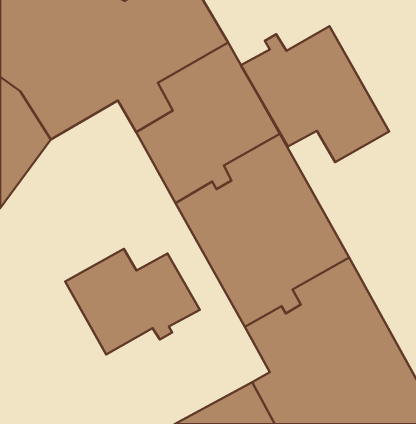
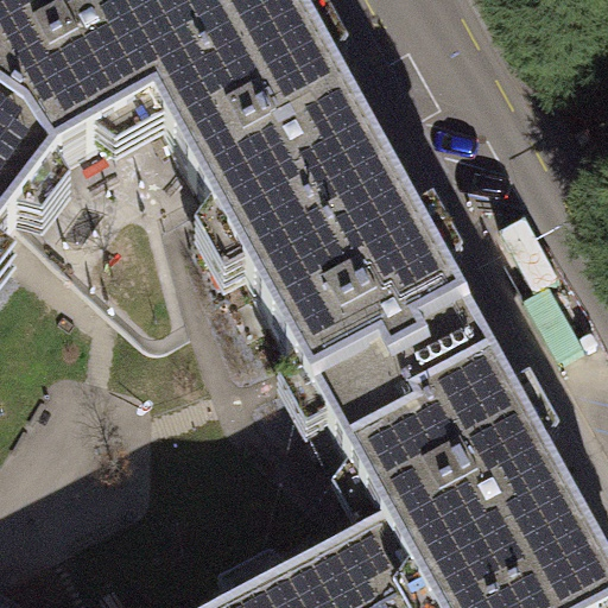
building: [241,26,389,162] -> none
building: [65,249,200,354] -> none

